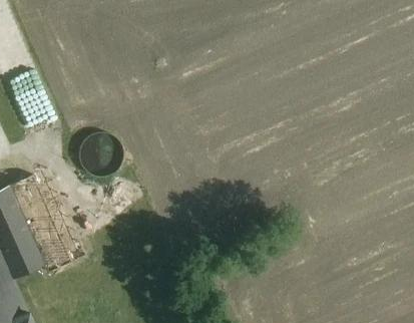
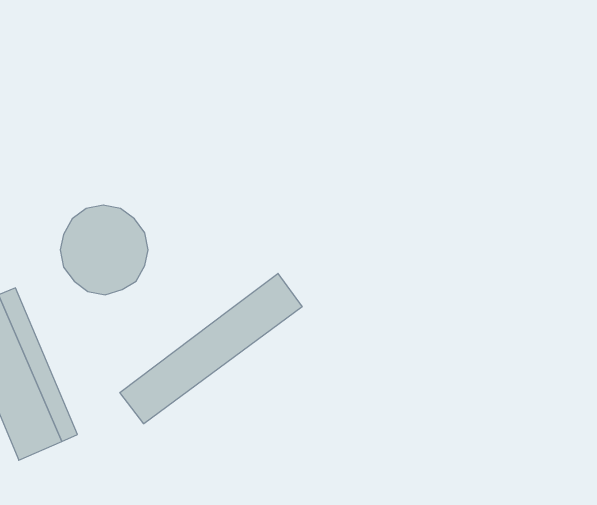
building: none -> [120,273,302,424]

